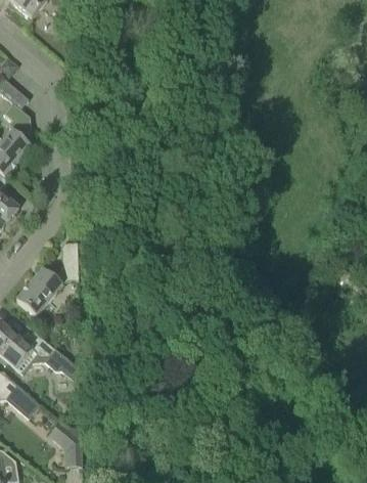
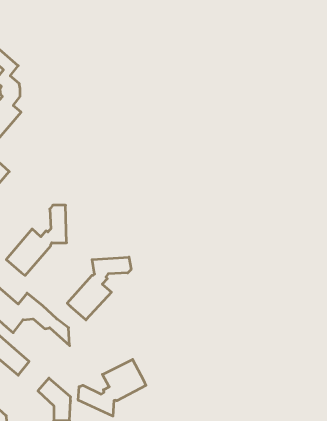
building: none -> [67,257,131,320]
building: none -> [78,359,146,416]

